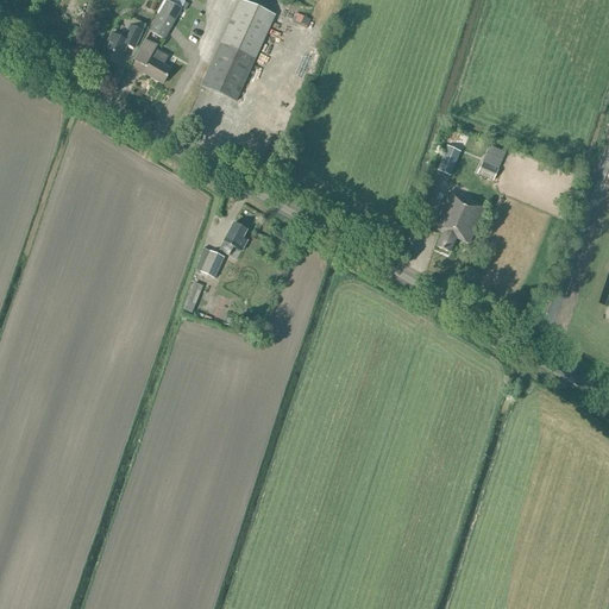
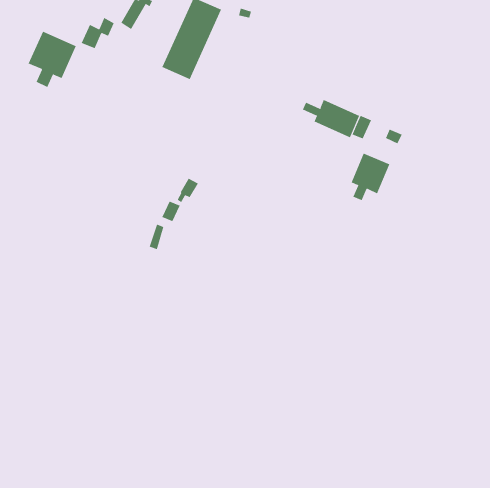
building: [134,29,171,81] -> none
building: none -> [28,31,77,88]
building: none -> [302,99,360,138]

